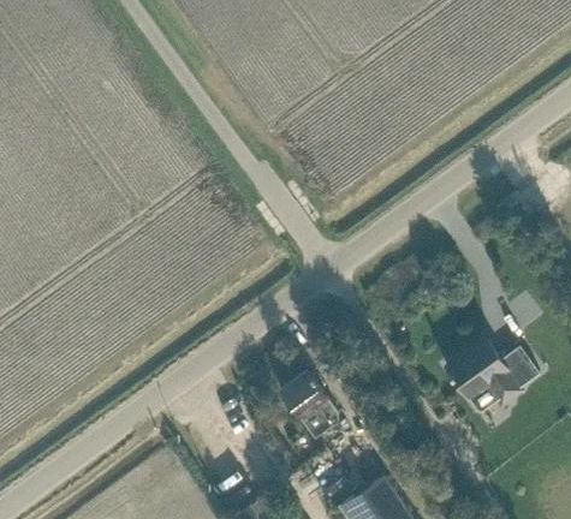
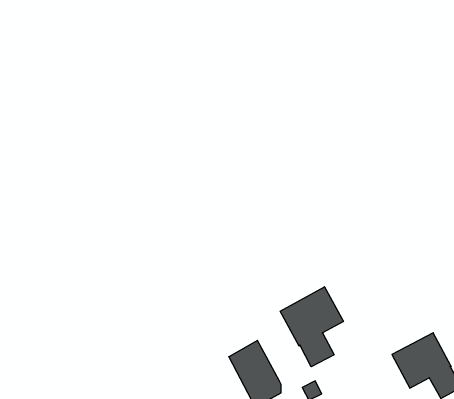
building: none -> [280,287,343,367]

